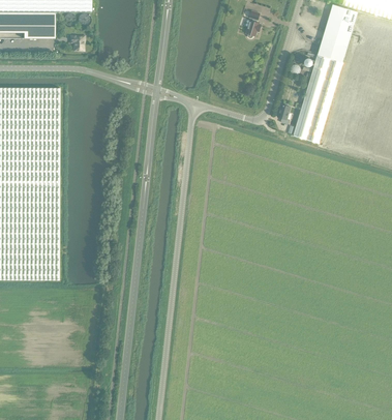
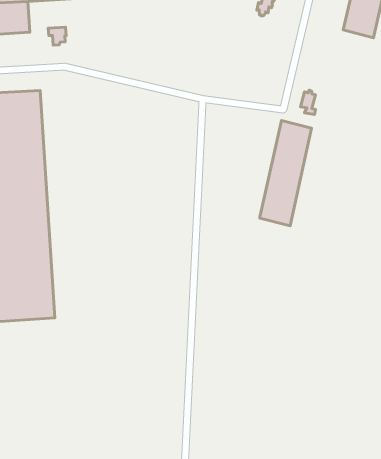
building: [294,53,342,142] -> [260,120,312,226]

